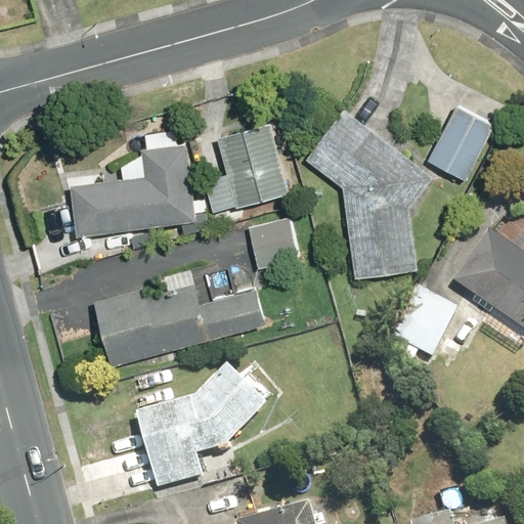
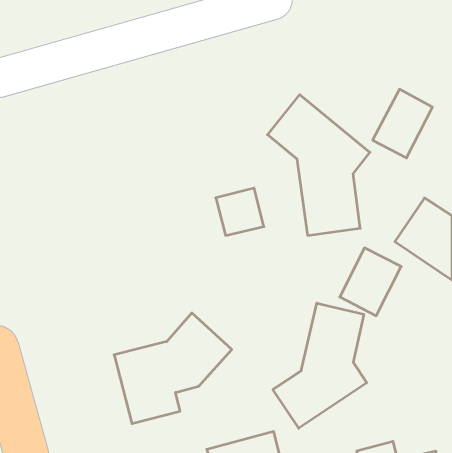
building: [218,120,290,204] -> none
building: [72,142,209,237] -> none
building: [91,274,261,361] -> none
building: none -> [273,303,367,428]

